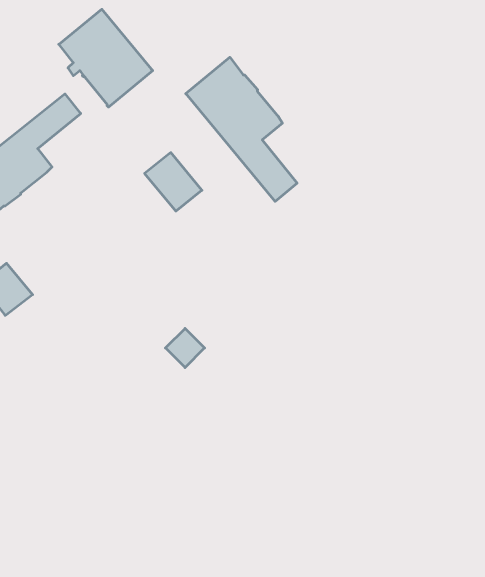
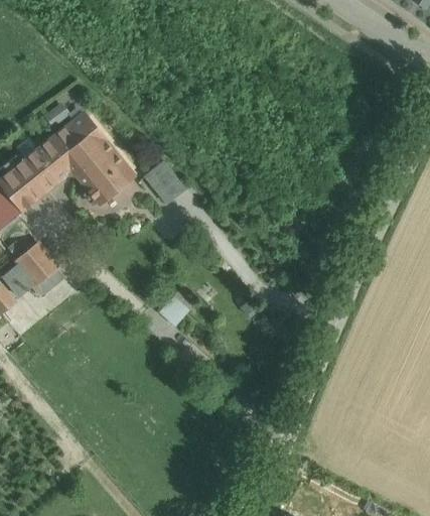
building: [59,9,153,107] -> [61,128,134,204]
building: [186,57,297,201] -> none

